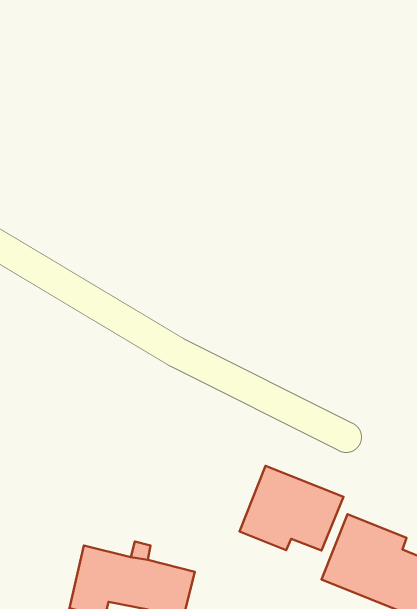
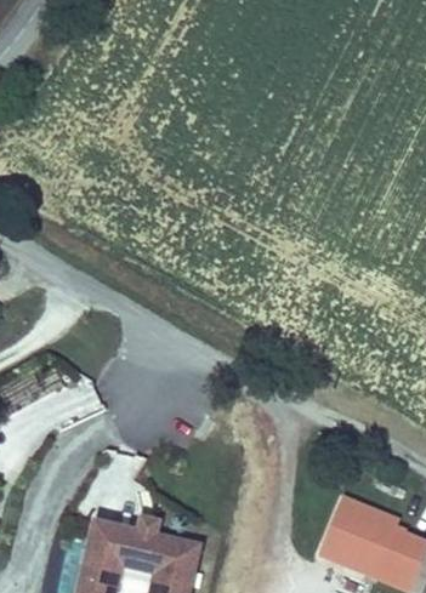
building: [239,466,343,550] -> none

